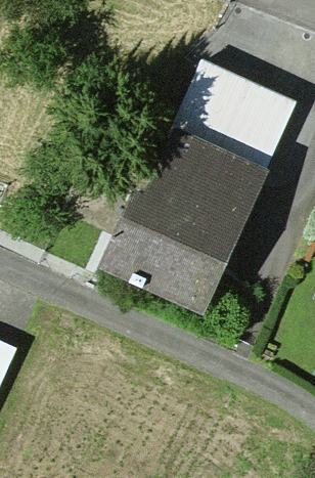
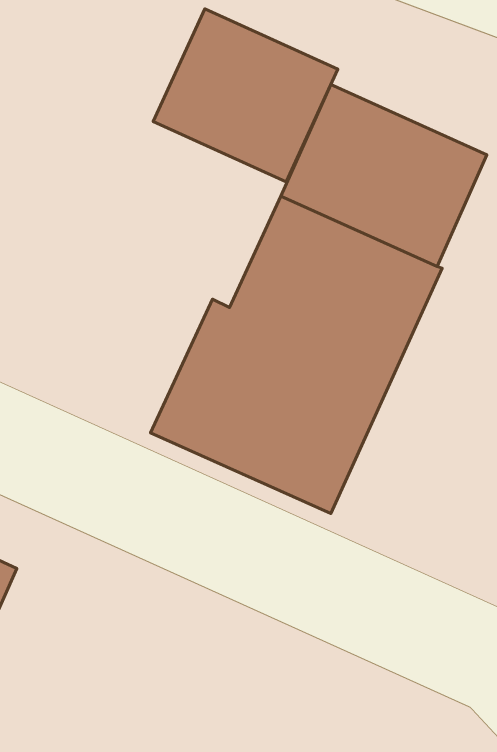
building: none -> [153,9,338,182]

